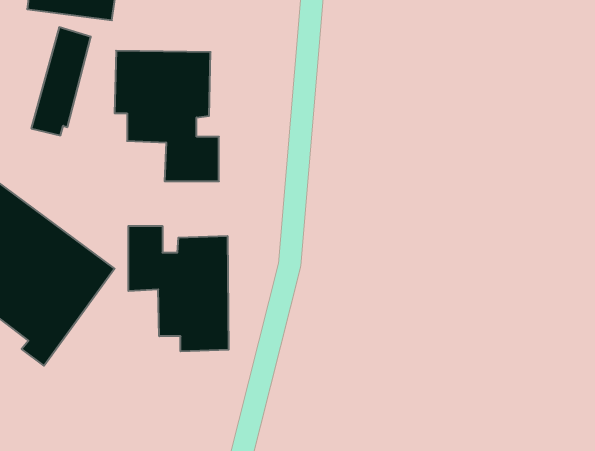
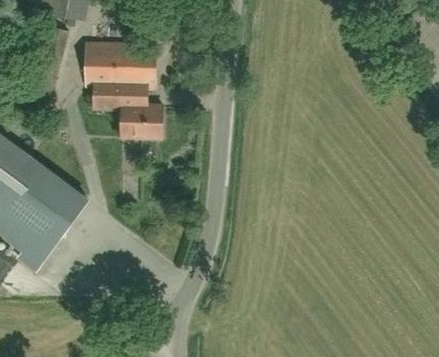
building: [128,226,229,351] -> none

